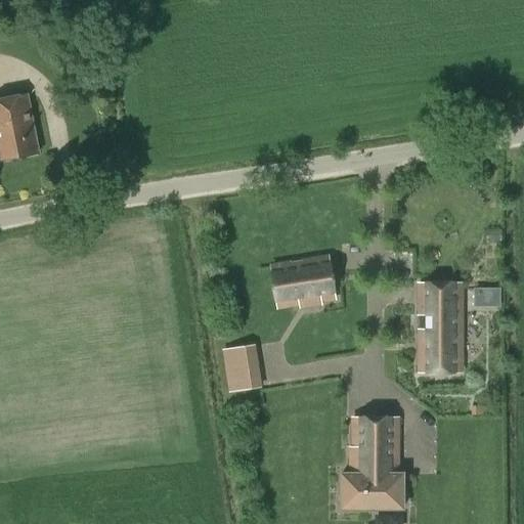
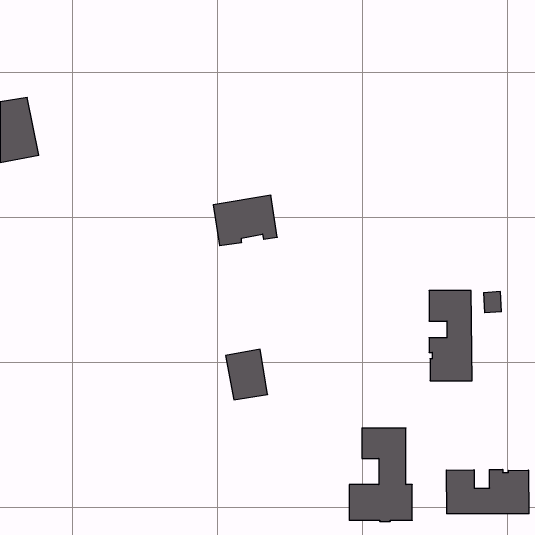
building: [272,257,335,306] -> [213,195,277,246]
building: none -> [446,469,529,514]

